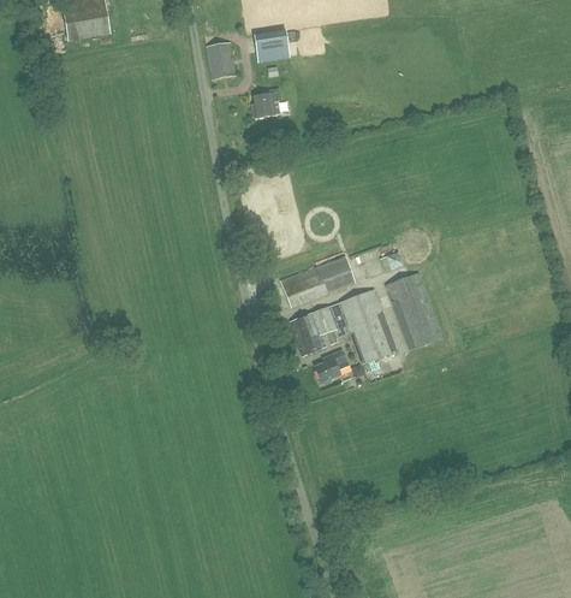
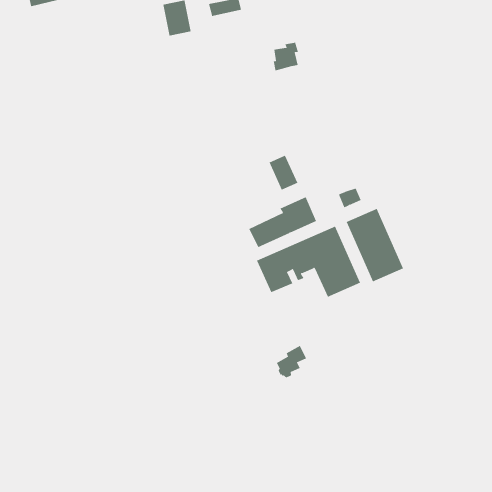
building: [252,89,280,118] -> [273,42,299,71]
building: none -> [269,155,298,190]
building: [315,349,347,383] -> [276,345,307,378]

